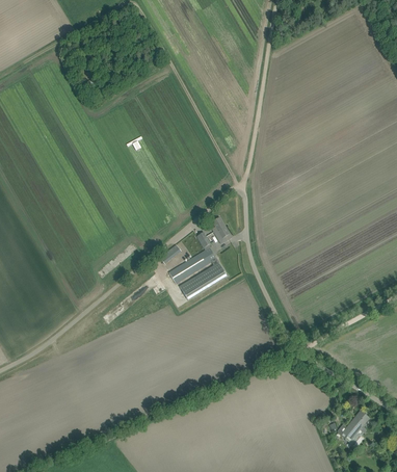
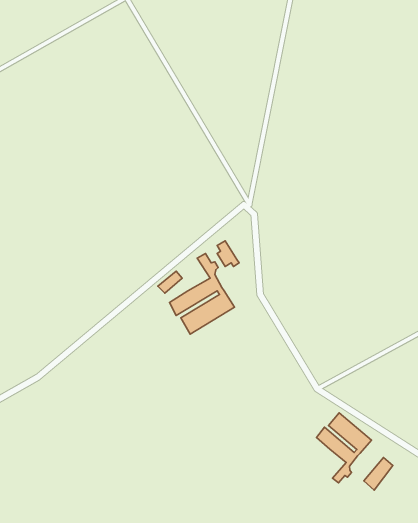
building: none -> [316,413,372,483]

